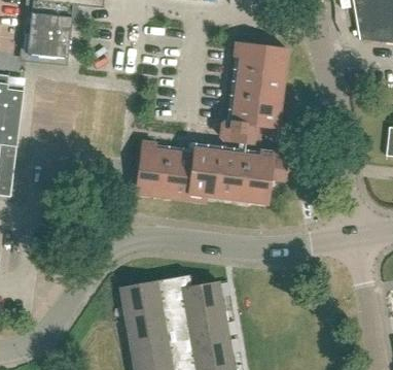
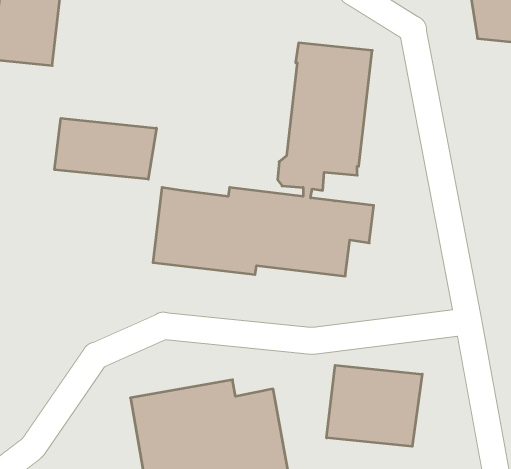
building: none -> [55,118,156,179]
building: none -> [327,365,422,446]

